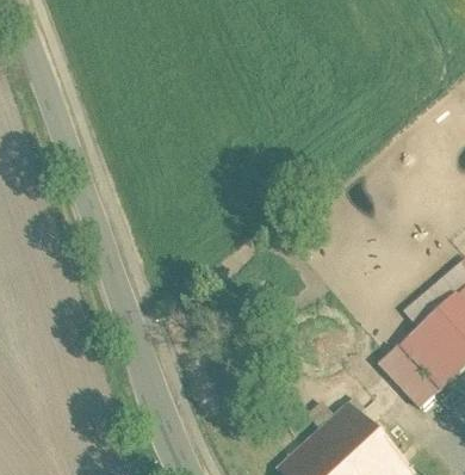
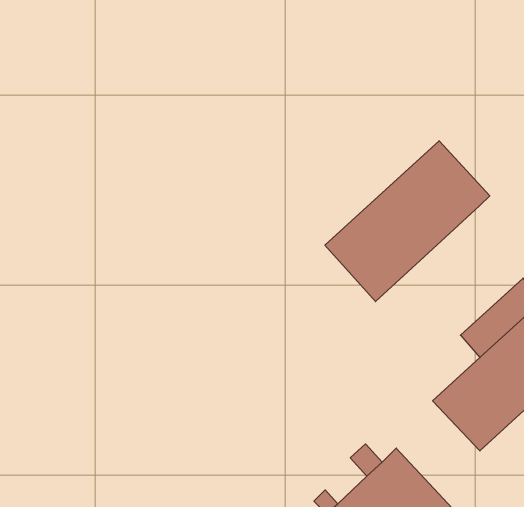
building: none -> [325,141,490,302]

